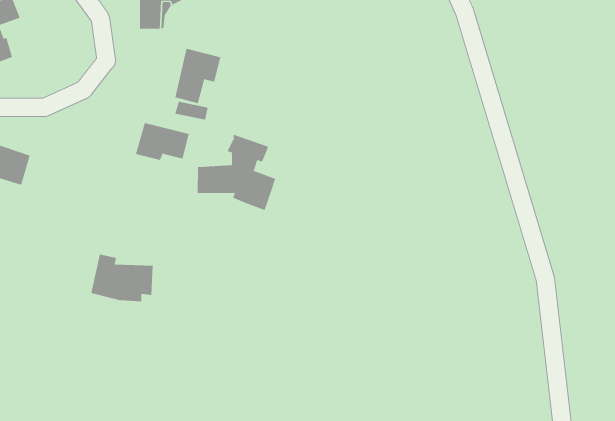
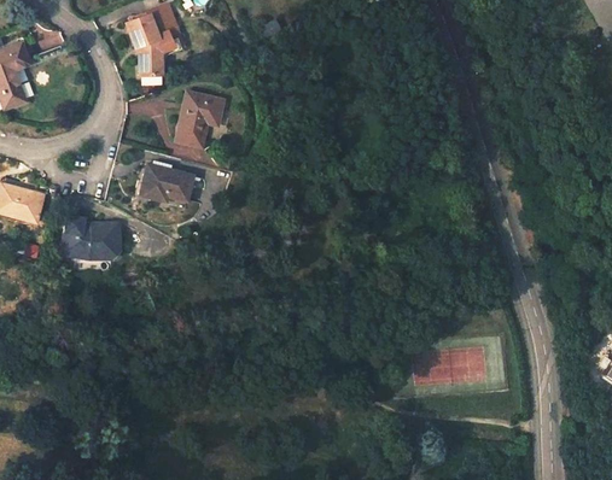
building: [197,134,276,211] -> none
building: [90,254,153,302] -> [56,215,116,261]

